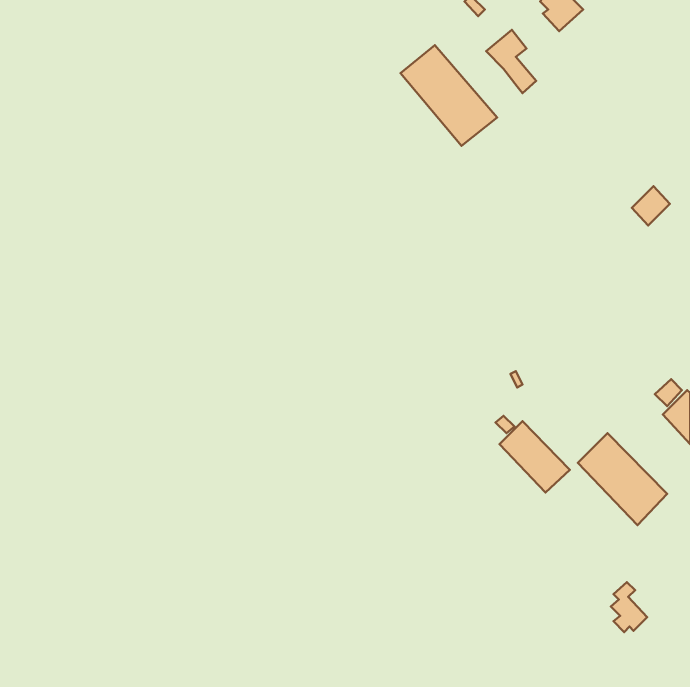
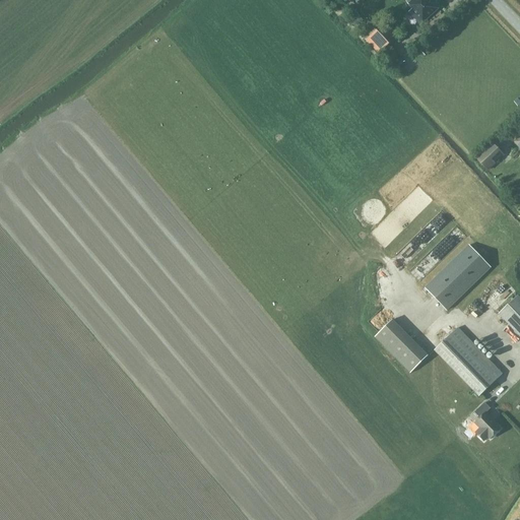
building: [401,45,497,146] -> none
building: none -> [426,244,491,308]
building: [611,582,647,632] -> [473,401,501,439]

